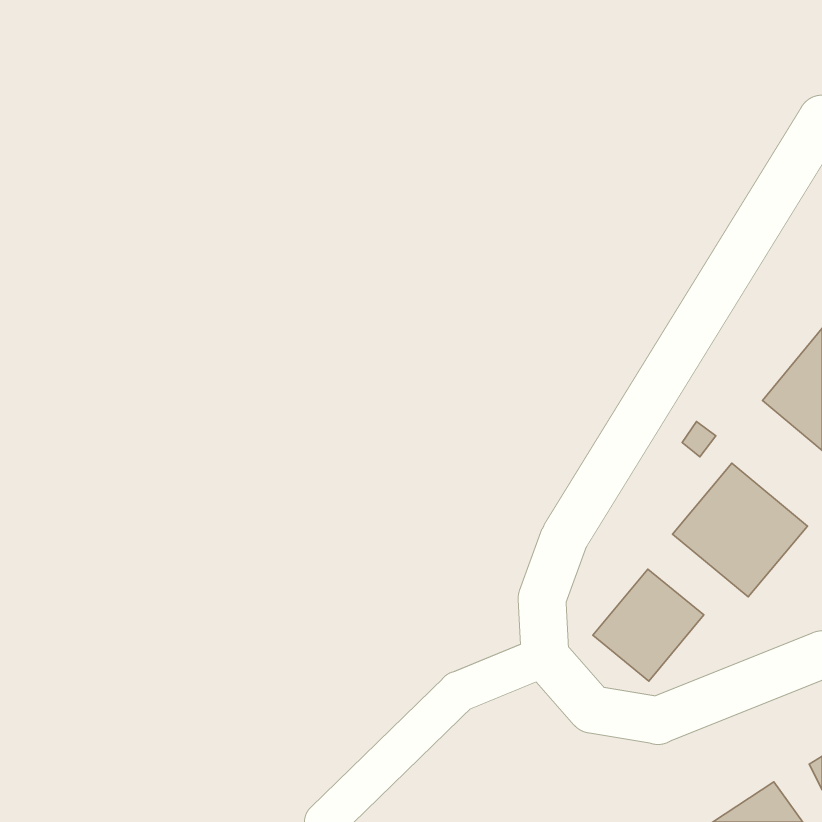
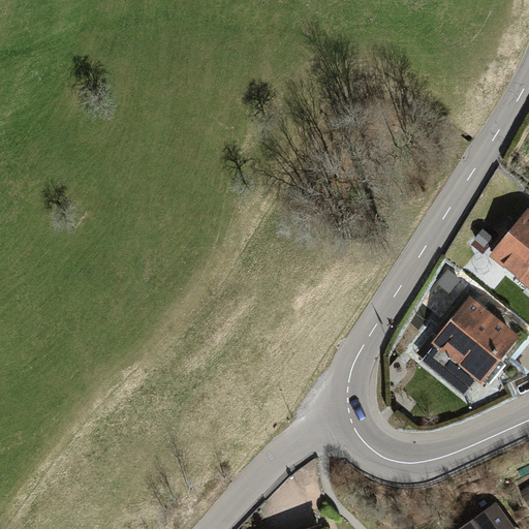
building: [593,569,704,681] -> none

